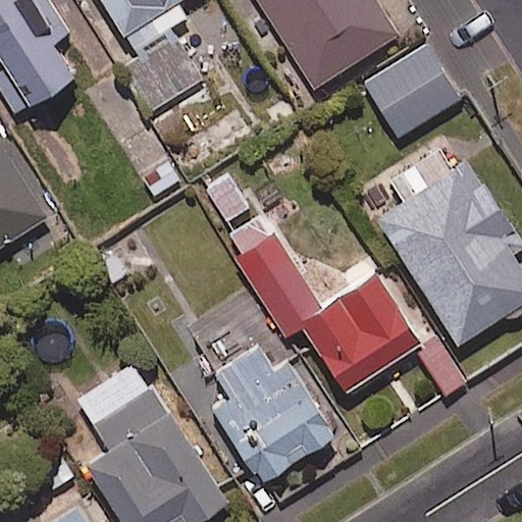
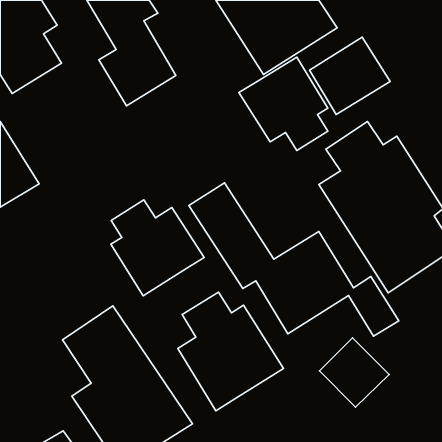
building: none -> [239,57,328,150]
building: none -> [111,200,204,296]
building: none -> [320,338,389,407]

